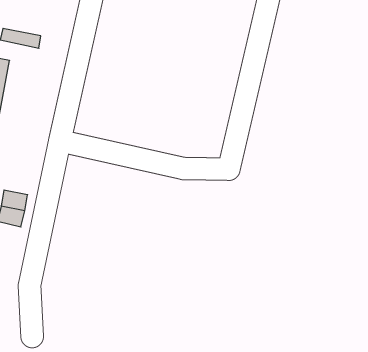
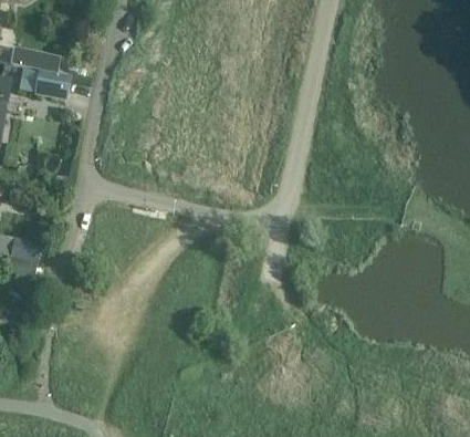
building: none -> [31,69,65,95]

